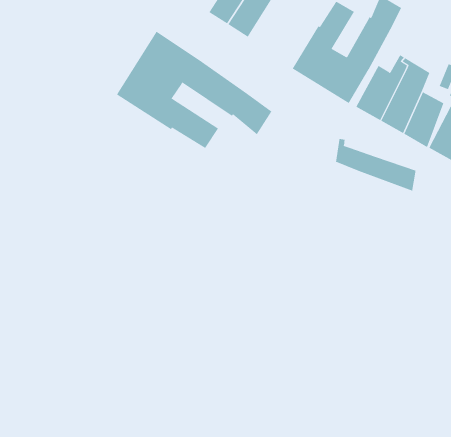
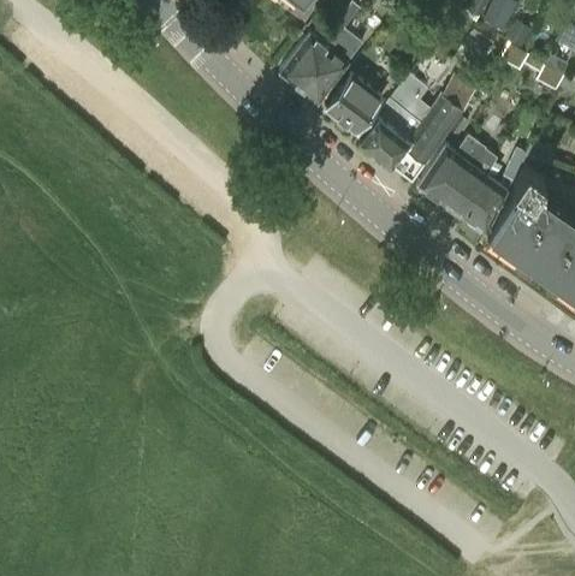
building: none -> [324,75,381,132]
building: [116,31,272,149] -> none
building: [335,138,416,191] -> none

